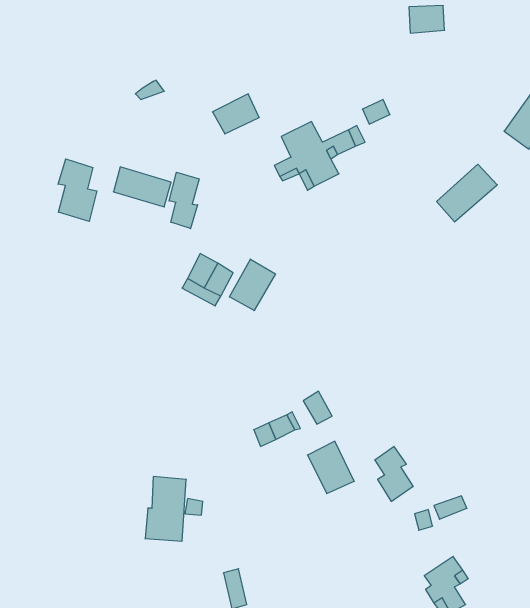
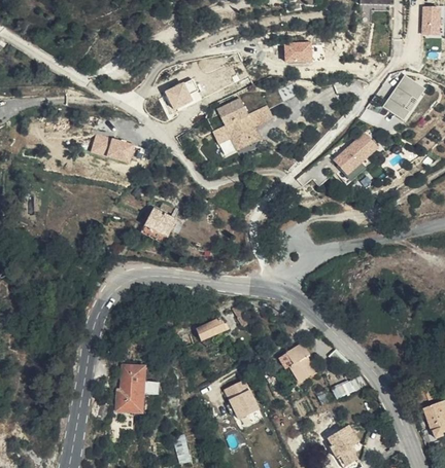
building: [409,6,445,33] -> [284,41,311,62]
building: [58,159,97,221] -> none
building: [169,172,199,229] -> none
building: [229,259,276,311] -> none
building: [307,441,354,494] -> [224,379,259,418]

